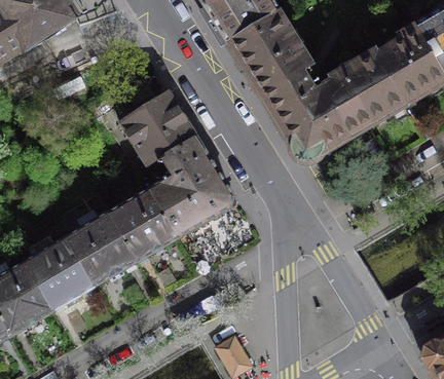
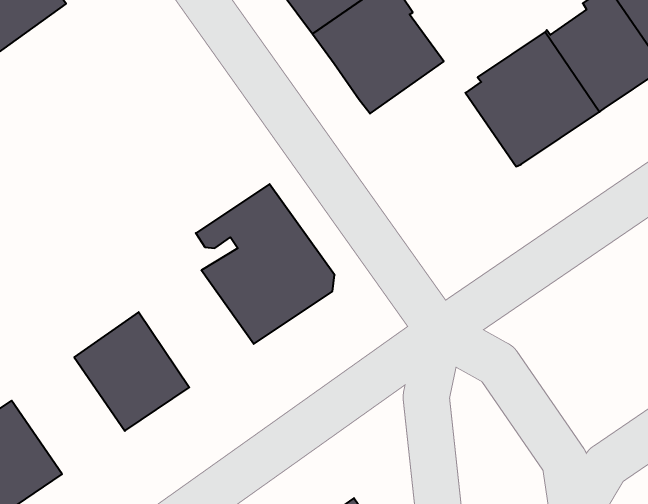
building: [261,67,350,161] -> none
building: [119,92,195,164] -> none
building: [108,188,179,261] -> none
building: [25,237,95,310] -> none

